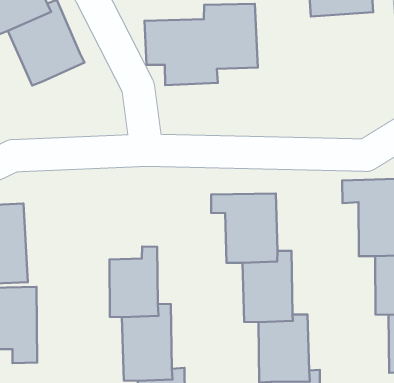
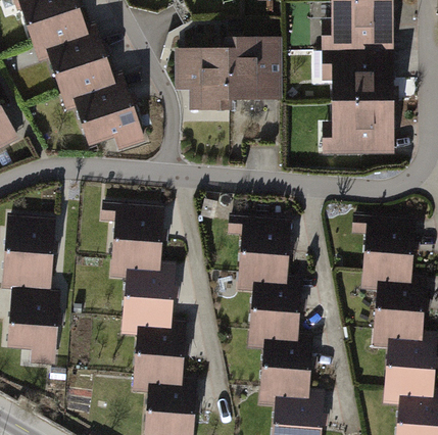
building: none -> [332,55,392,158]
building: none -> [75,74,144,154]
building: none -> [97,201,161,274]

